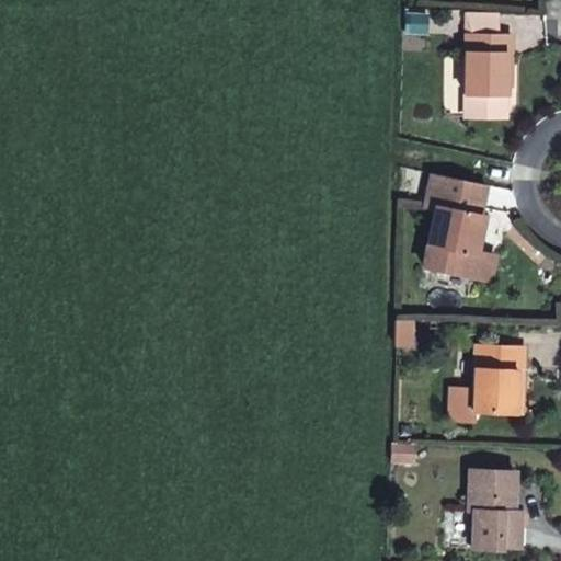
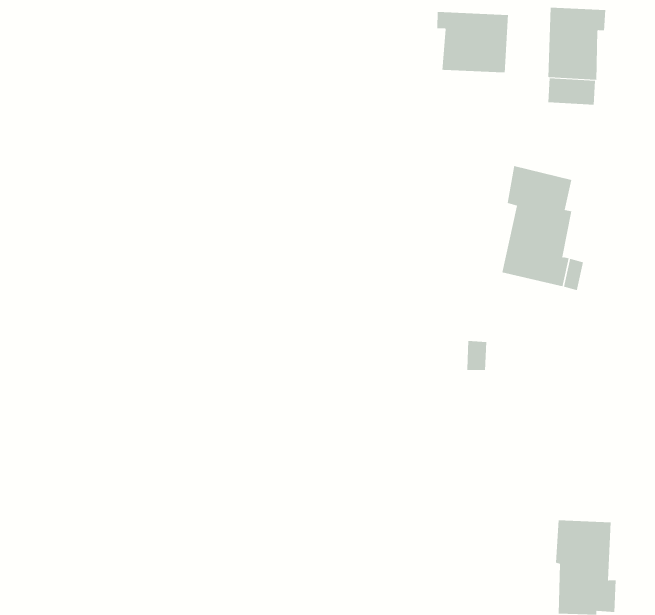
building: none -> [437,11,509,73]
building: [451,346,527,422] -> none

